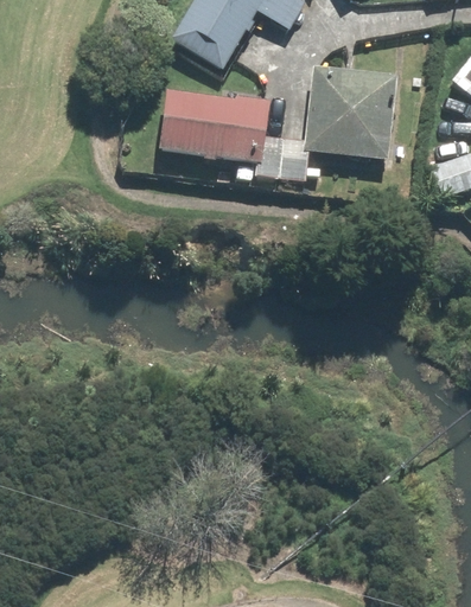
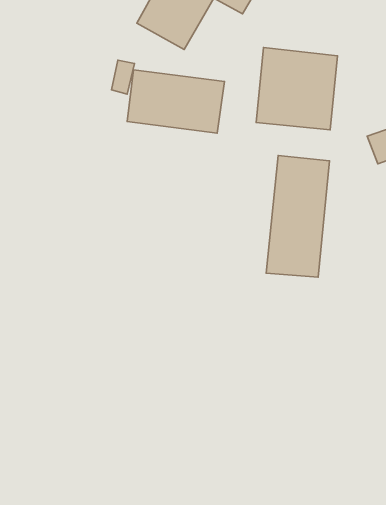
building: none -> [266,155,330,277]

